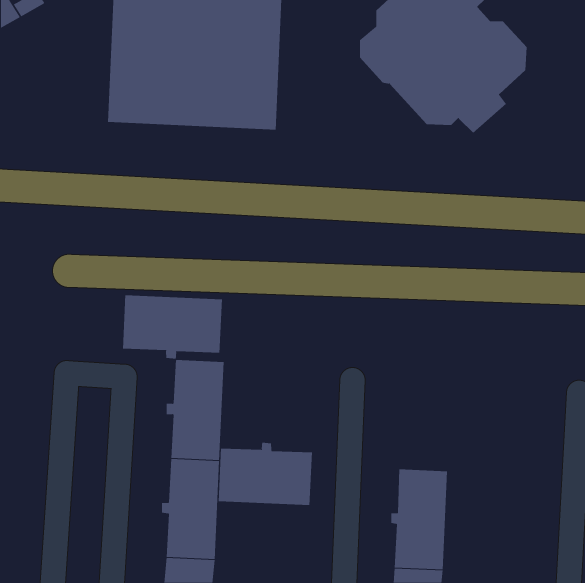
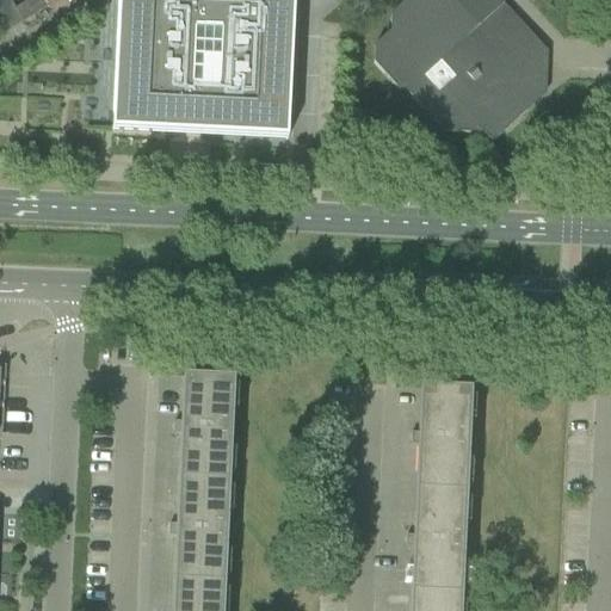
building: [122,294,223,360] -> none
building: none -> [413,383,473,488]
building: [218,442,312,506] -> none

